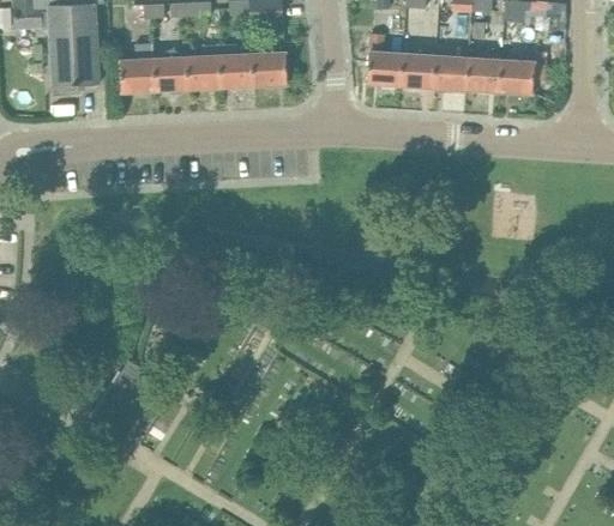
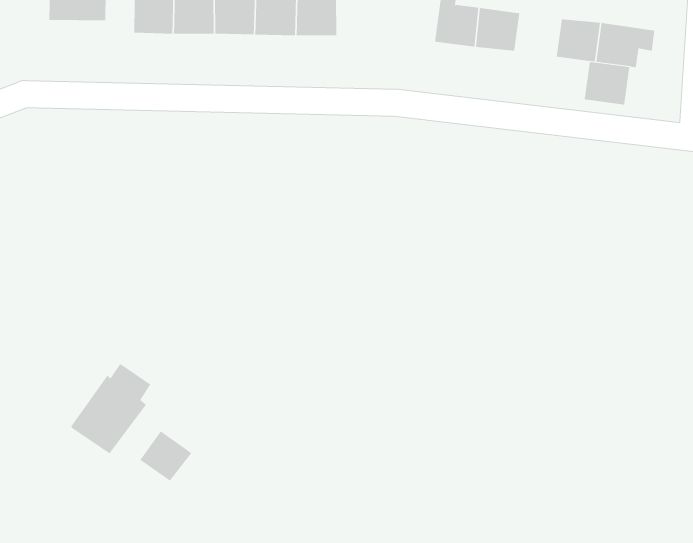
building: [432,55,468,89] -> [584,61,630,105]
building: none -> [140,430,192,481]

